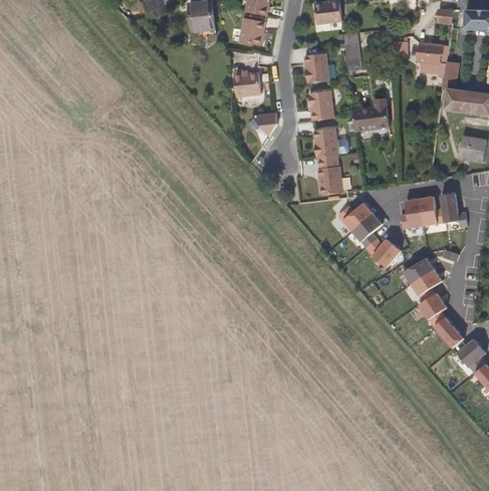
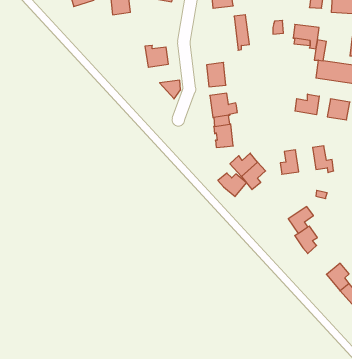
building: [239,17,264,45] -> none
building: [303,53,328,83] -> none
building: [351,97,388,131] -> none
building: none -> [295,94,319,115]
building: [419,197,444,226] -> none
building: [364,239,400,268] -> [218,173,246,197]
building: [402,257,433,284] -> none
building: [434,317,463,347] -> none

